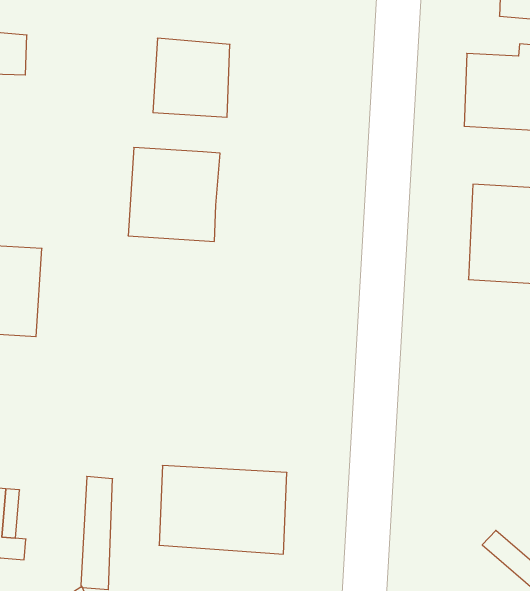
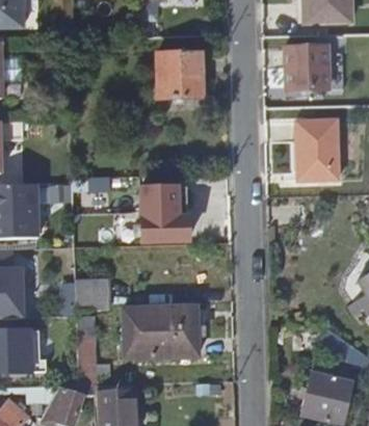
building: [153,38,230,117] -> [161,53,207,98]
building: [128,148,220,241] -> [140,188,193,242]
building: none -> [67,279,110,316]

